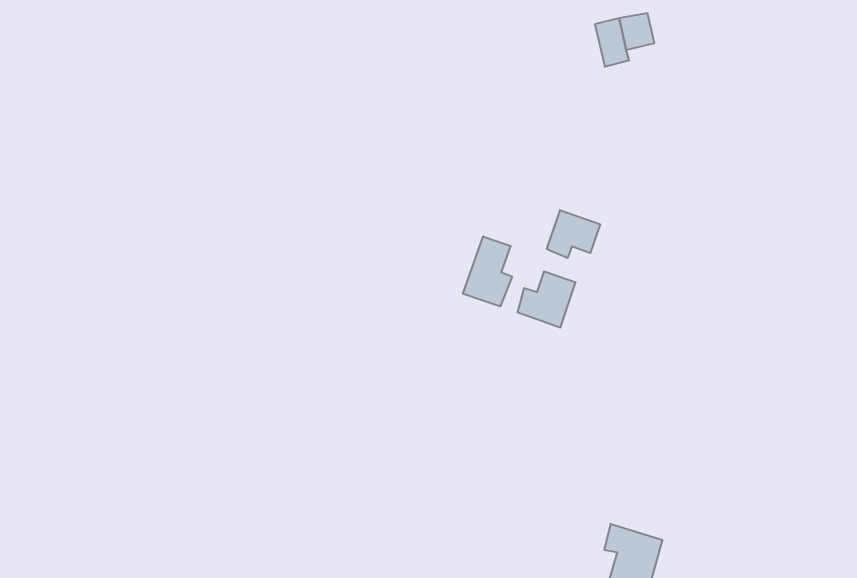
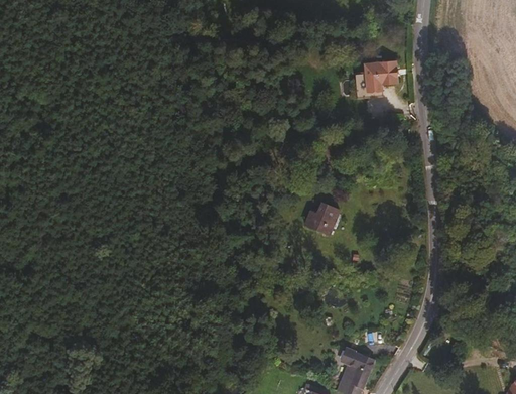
building: [547,210,600,258] -> none
building: [463,236,512,306] -> none

